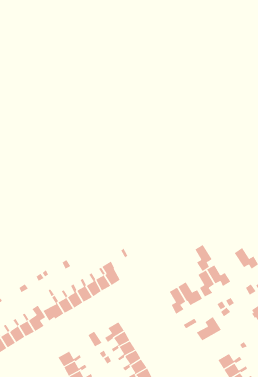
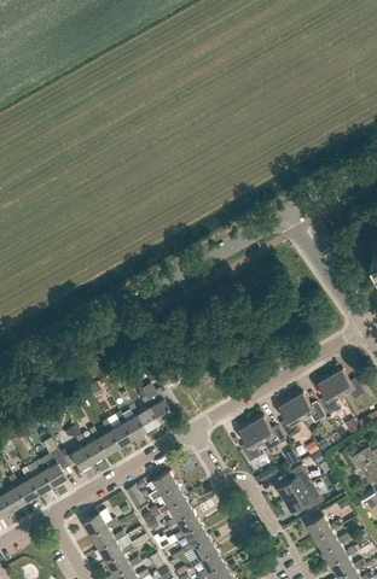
building: [194,244,213,272] -> [318,378,343,416]
building: none -> [285,485,324,513]

